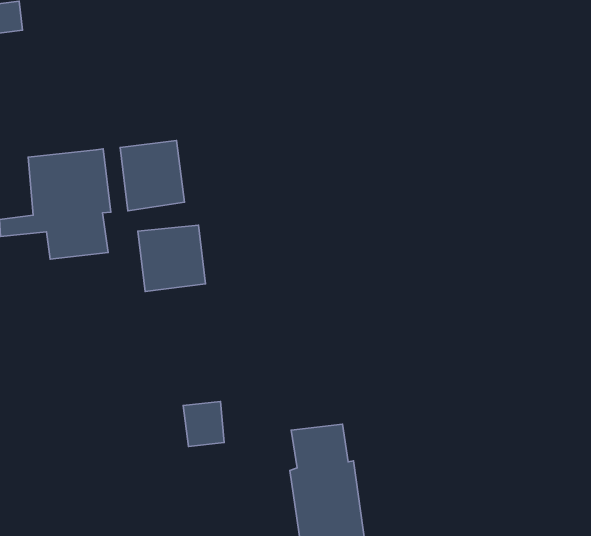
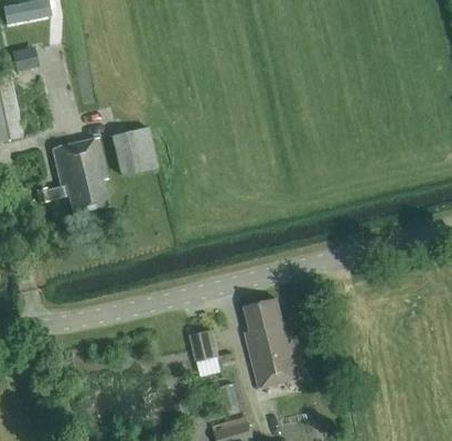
building: [138,225,206,292] -> none
building: [183,401,224,447] -> [189,329,218,361]

